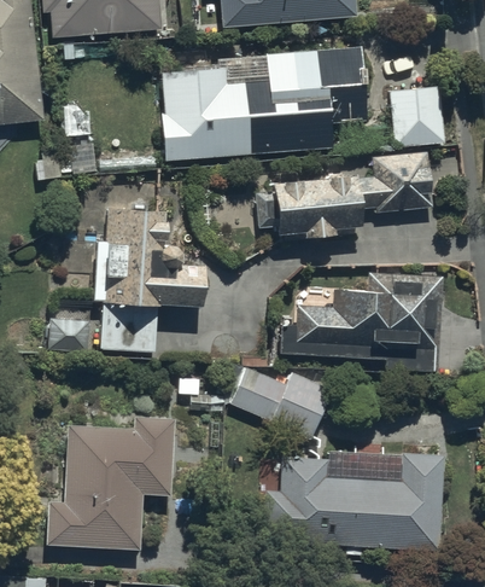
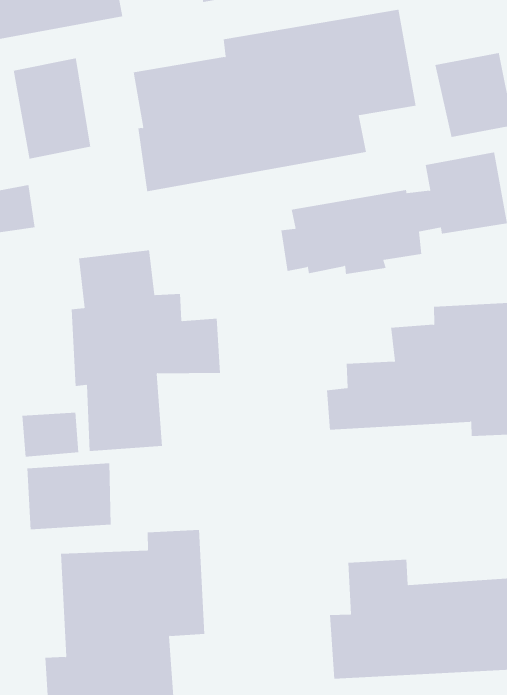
building: none -> [13,58,91,159]
building: none -> [27,463,111,530]
building: [229,365,333,440] -> none

